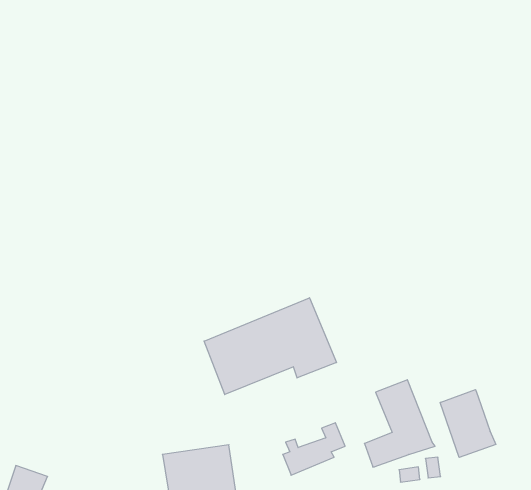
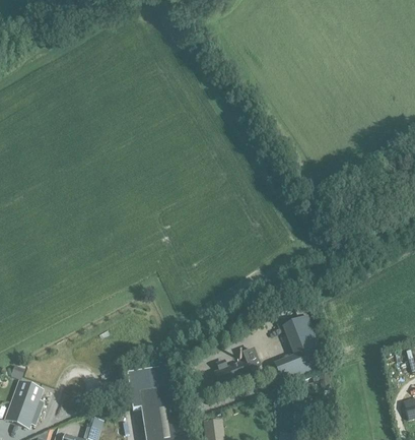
building: [204,298,336,395] -> none
building: [440,390,496,457] -> none

